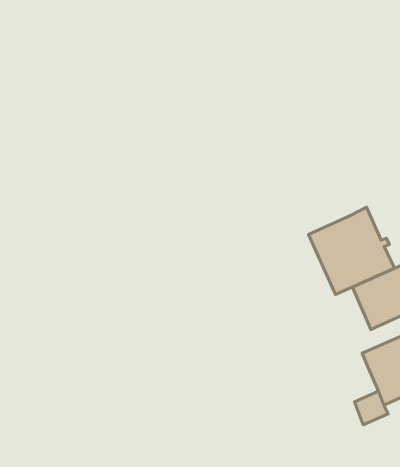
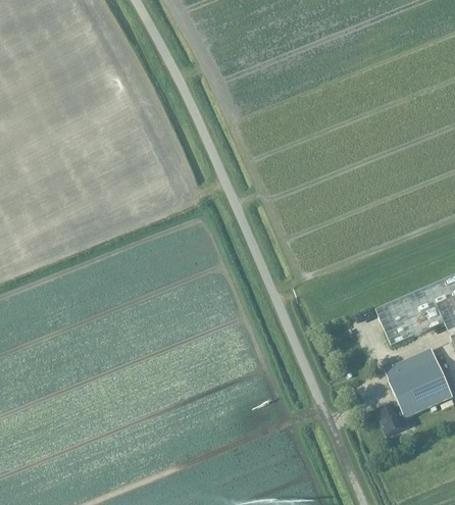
building: [309,207,395,295] -> none

